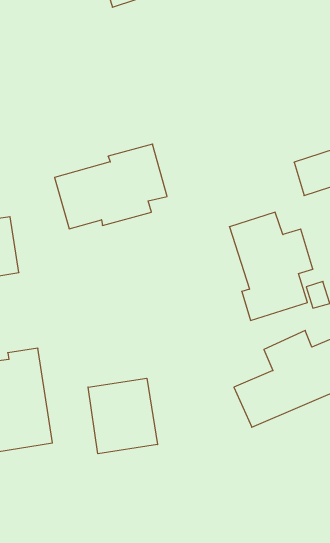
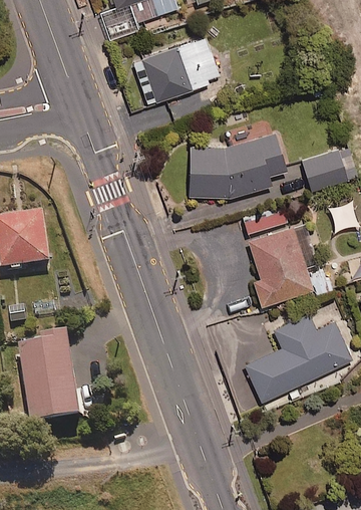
building: none -> [129,37,220,106]
building: [55,144,167,229] -> [184,124,285,201]
building: [88,378,158,454] -> none

